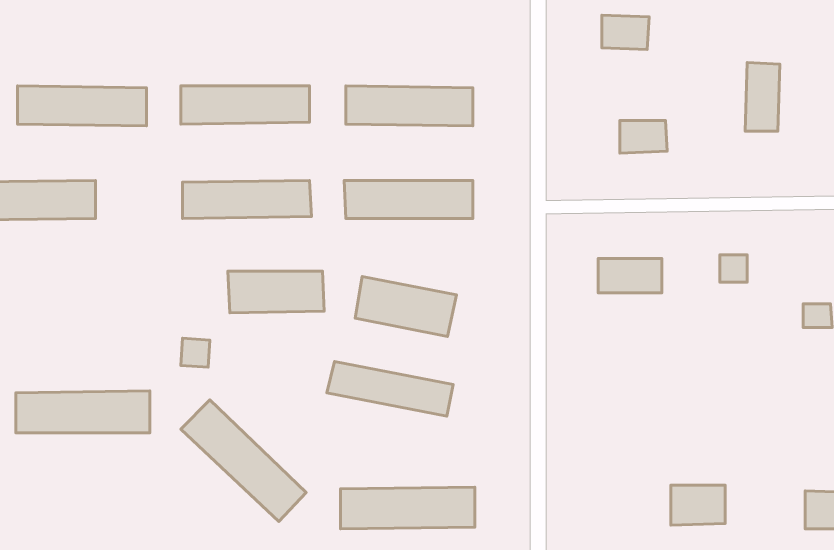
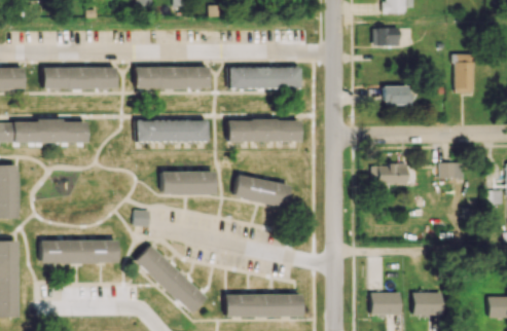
building: [327,362,453,416] -> none
building: none -> [371,293,401,315]

